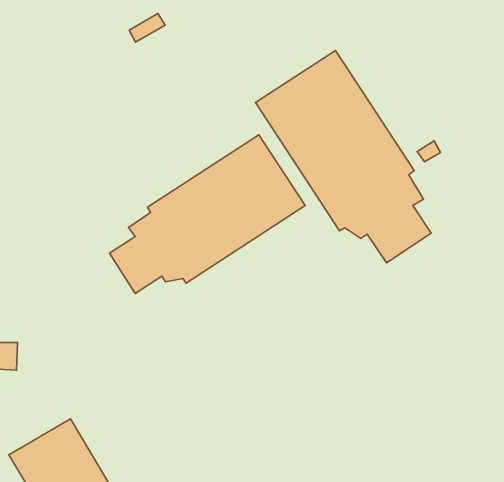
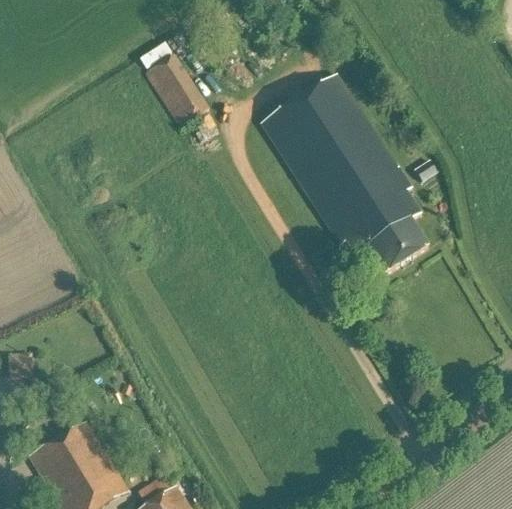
building: none -> [148,51,215,126]
building: [109,135,305,293] -> none

